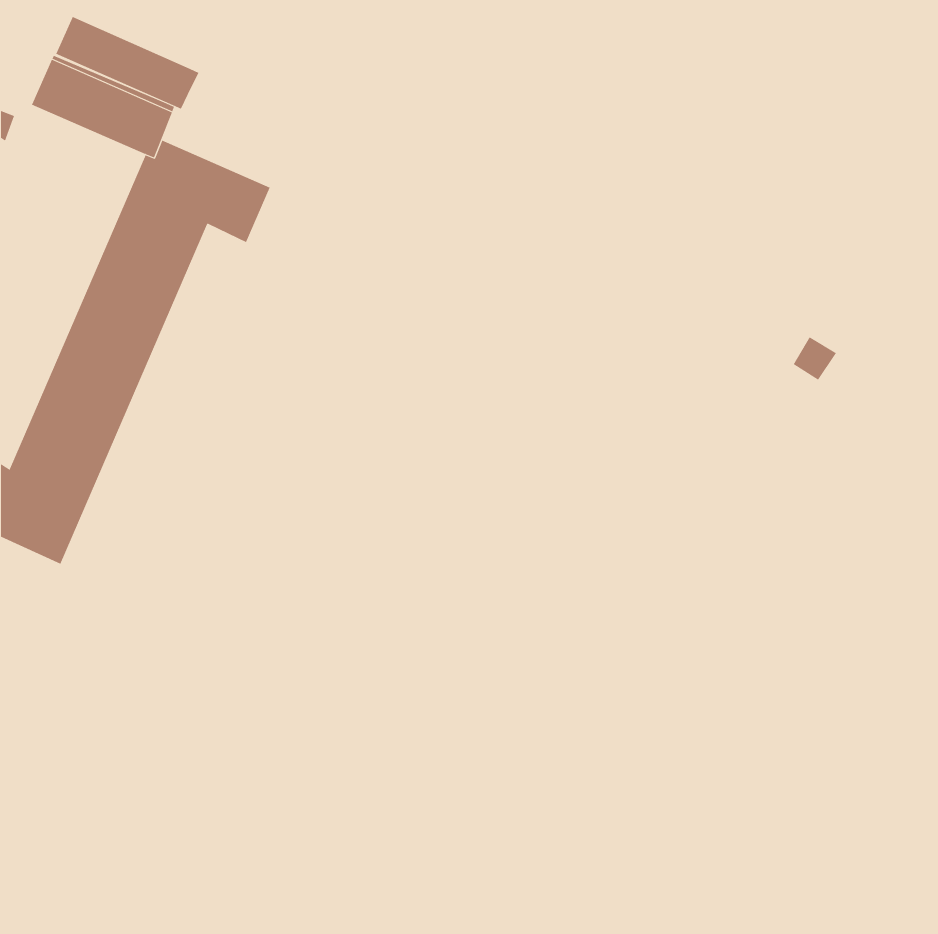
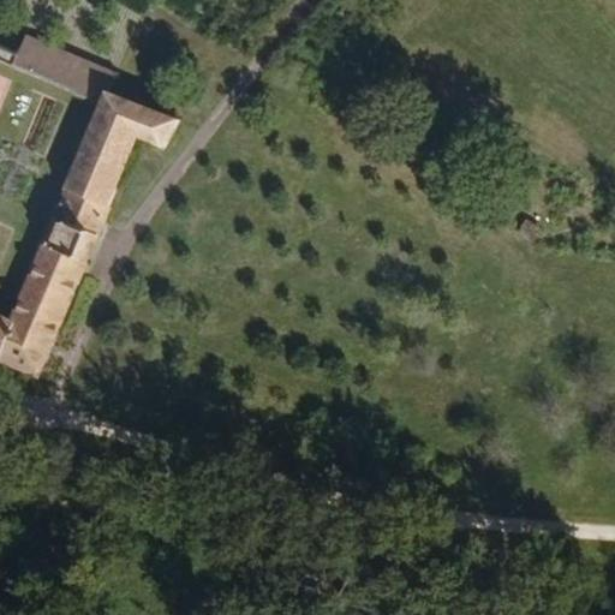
building: [56,16,199,109] -> none

